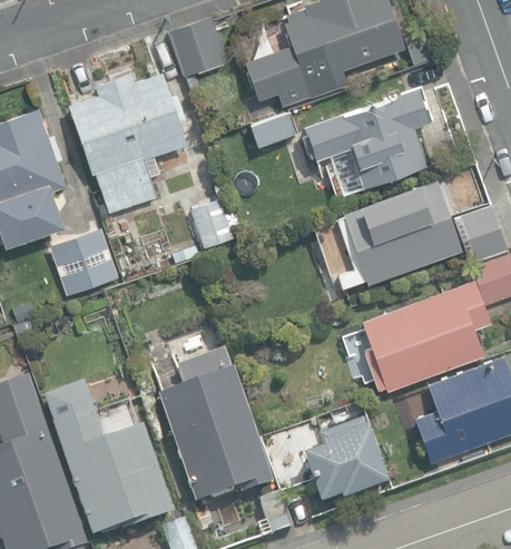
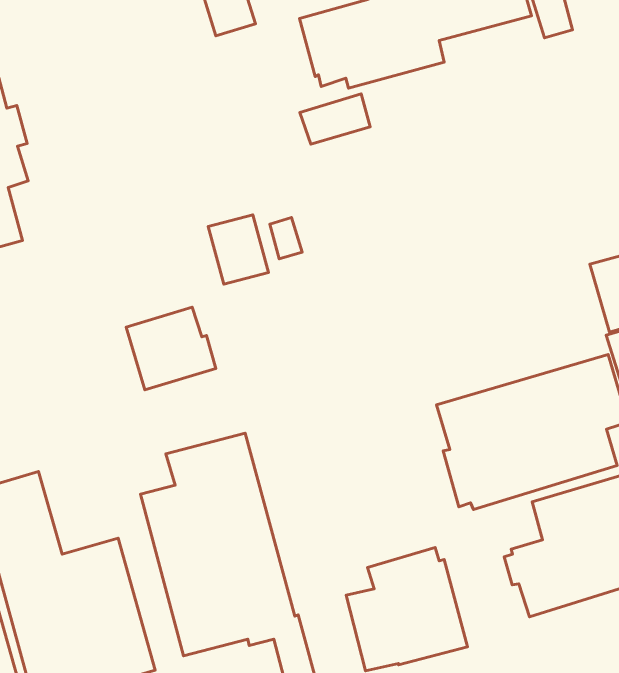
building: [69,71,188,212] -> none
building: [303,88,431,196] -> none
building: [337,178,461,288] -> none
building: [61,239,125,298] -> [126,307,216,390]

